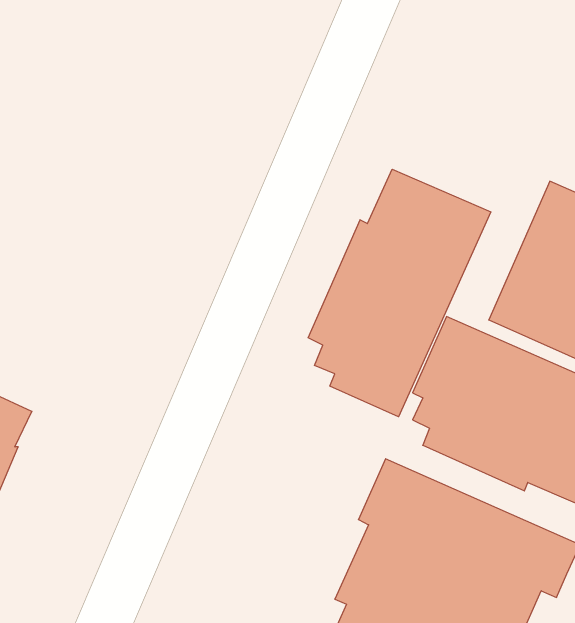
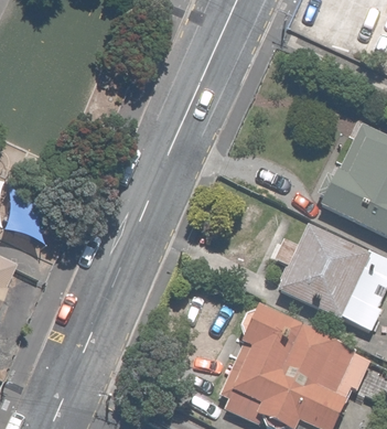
building: [308,169,491,417] -> none

